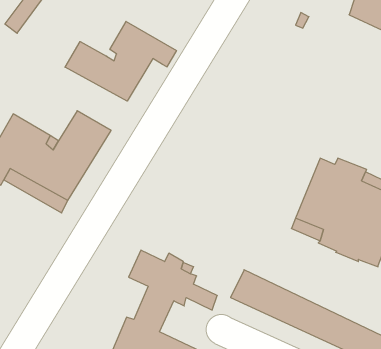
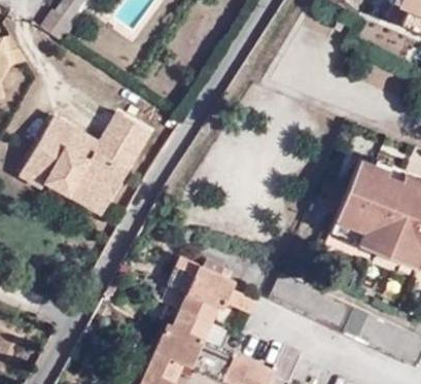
building: [65,21,176,101] -> none

